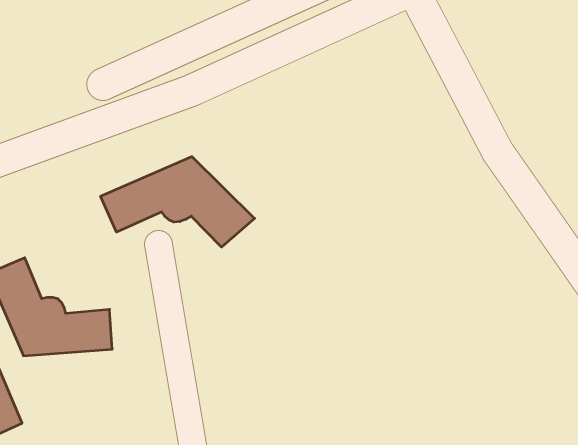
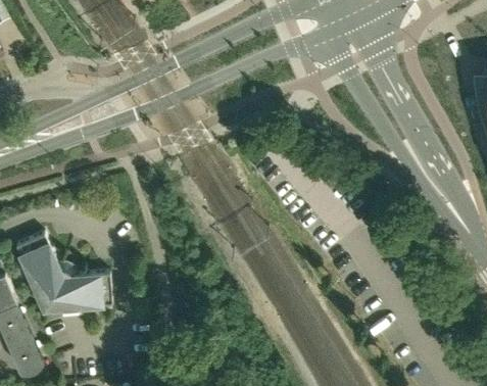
building: [101,157,255,247] -> none

